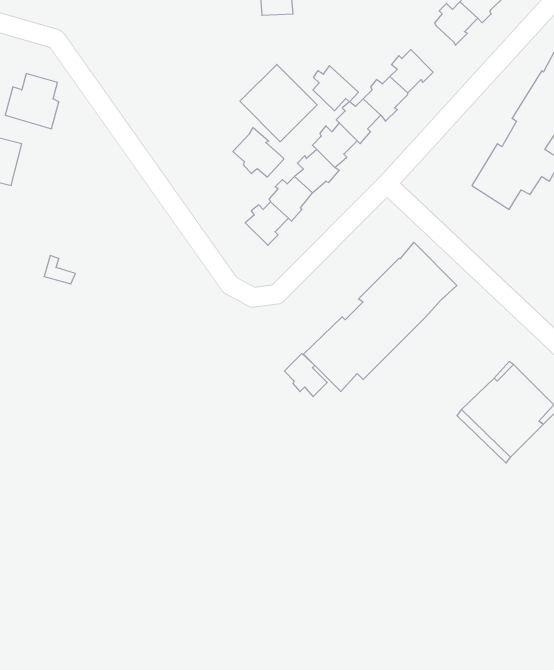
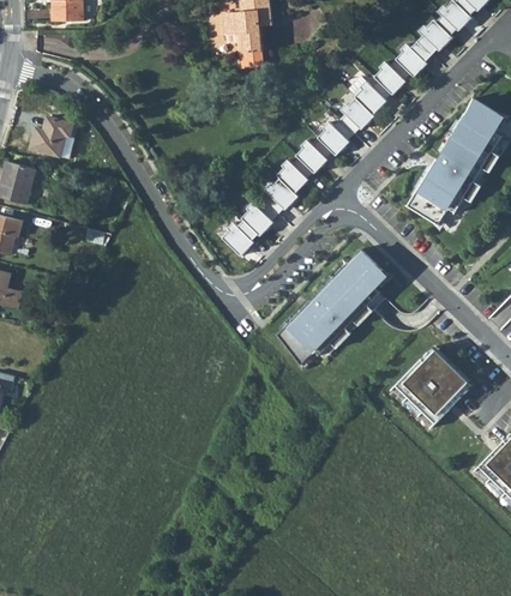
building: none -> [356,77,392,113]
building: [240,64,317,142] -> none
building: [313,66,358,111] -> none
building: [233,127,284,177] -> none
building: [284,354,327,397] -> none

